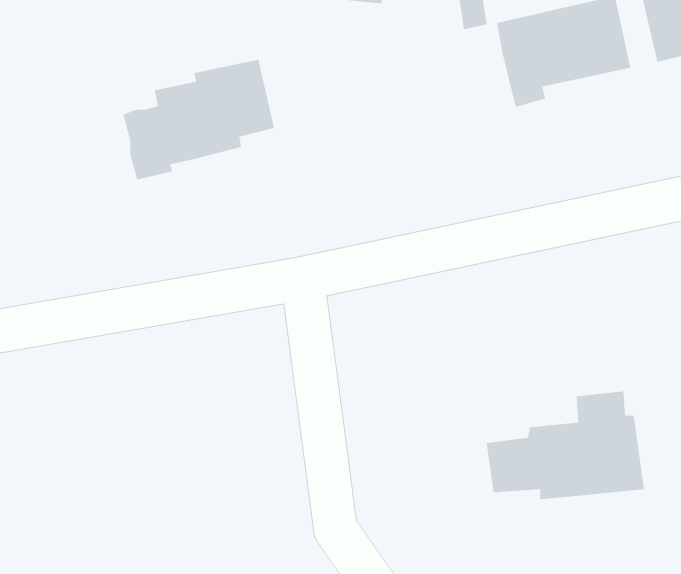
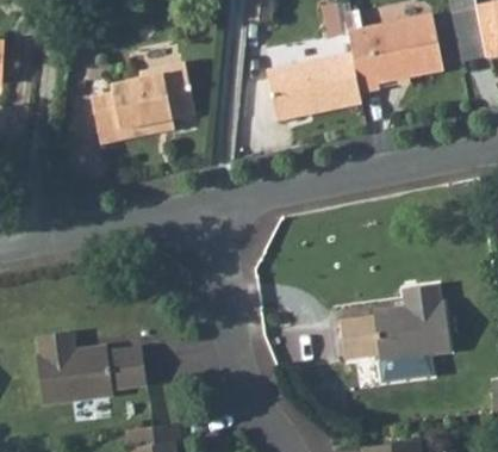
building: none -> [267,54,365,120]
building: none -> [35,332,147,403]

